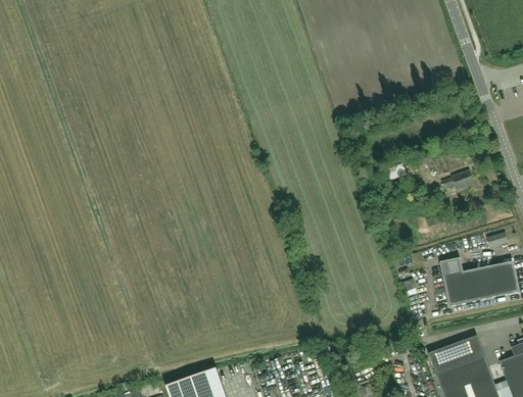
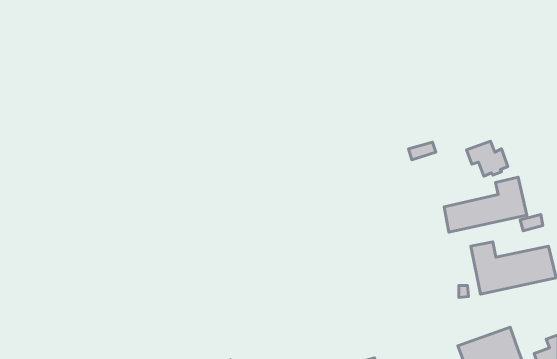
building: none -> [444,177,527,232]

